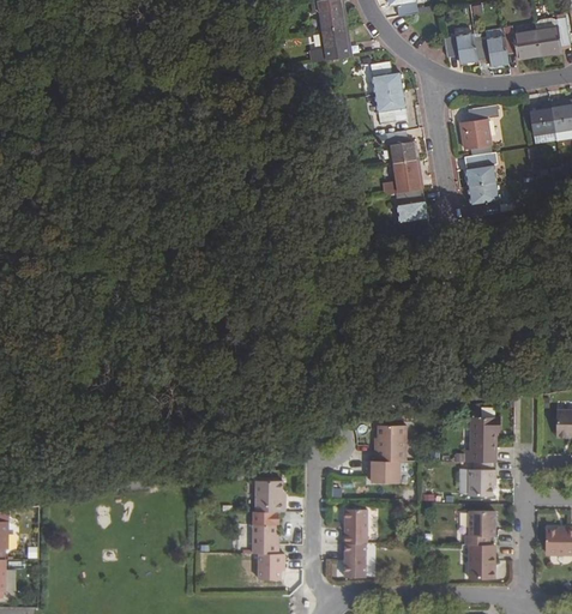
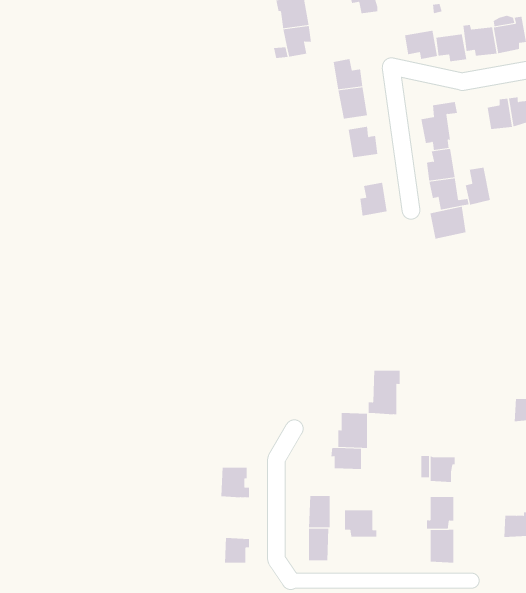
building: [390,159,421,193] -> none
building: none -> [465,167,490,205]
building: none -> [430,206,466,239]
building: [465,417,499,463] -> [368,370,401,415]
building: [253,511,278,554] -> none
building: none -> [345,509,377,538]

